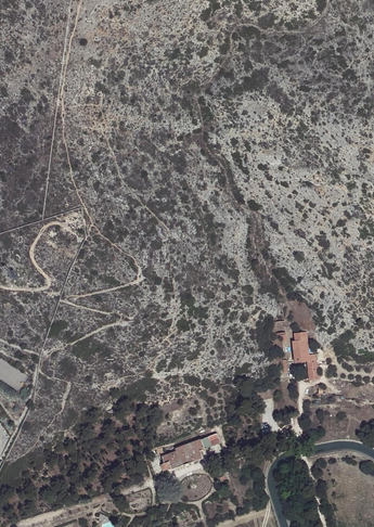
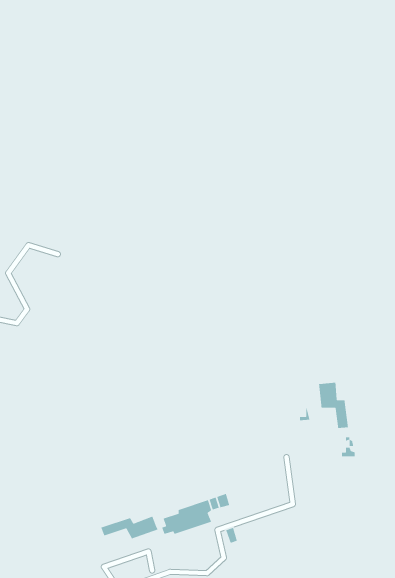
building: none -> [100,516,159,540]

